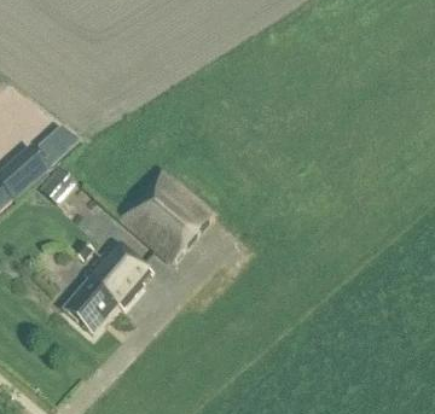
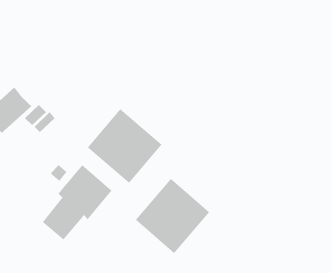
building: [35,121,79,164] -> none
building: none -> [135,178,210,254]

